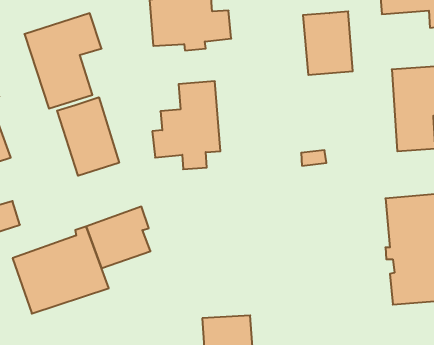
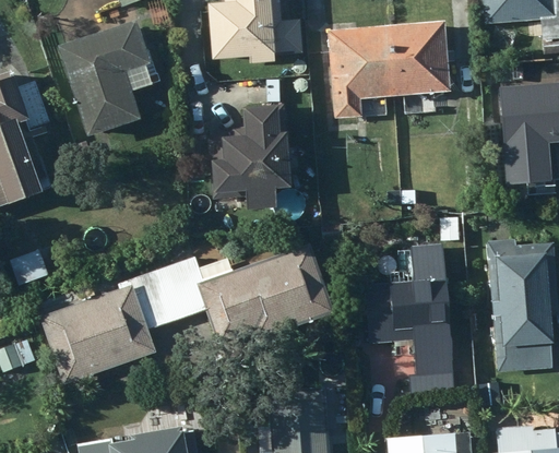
building: none -> [328,24,396,117]
building: [57,97,119,176] -> none
building: none -> [197,243,333,351]
building: none -> [384,243,456,395]

